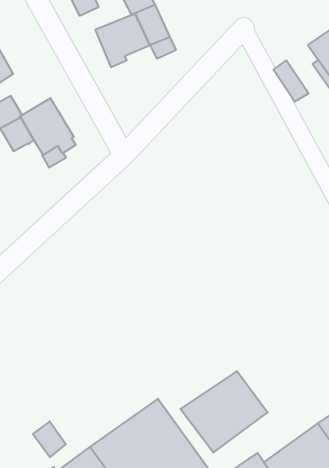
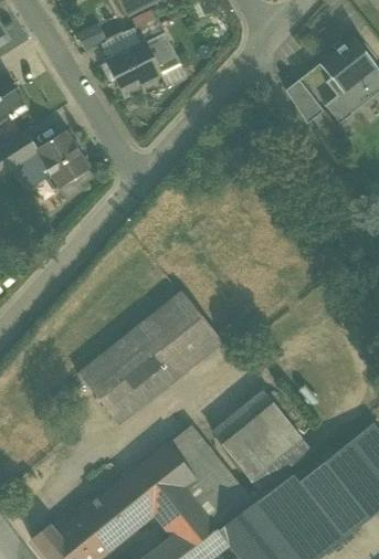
building: none -> [75,289,223,425]
building: [33,421,66,457] -> none

